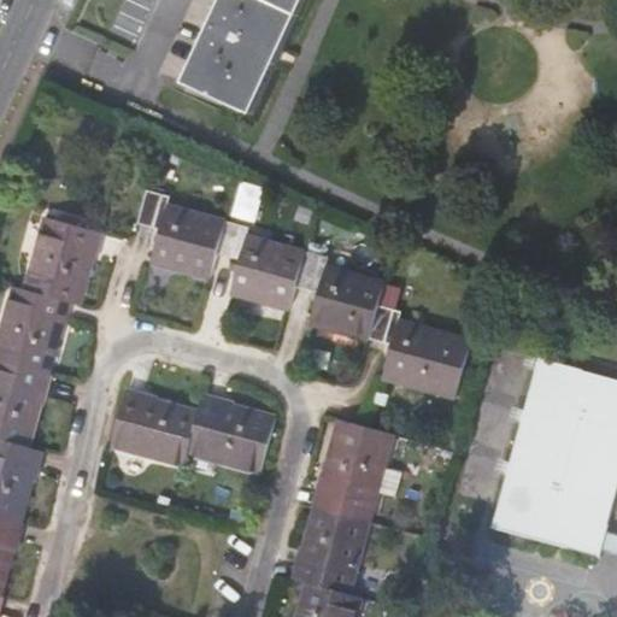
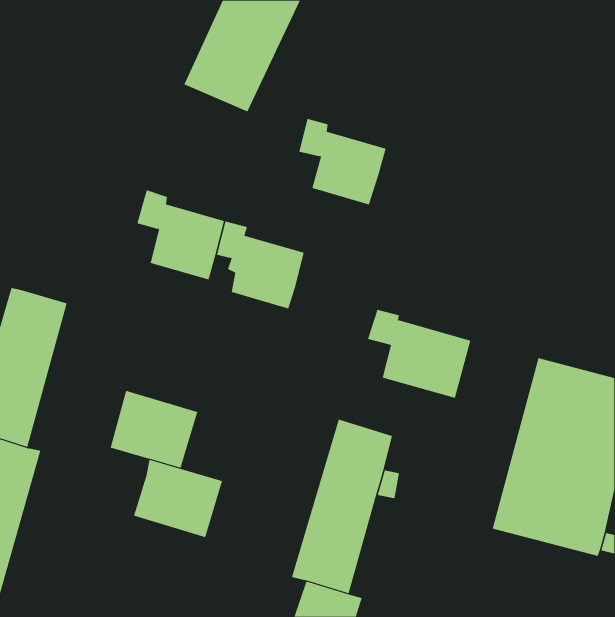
building: [22,216,99,305] -> none
building: [295,252,383,339] -> [298,118,387,205]
building: [186,394,275,472] -> [133,459,223,538]

